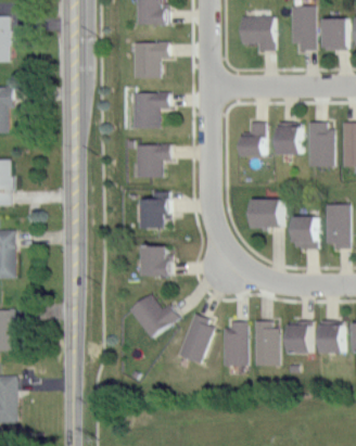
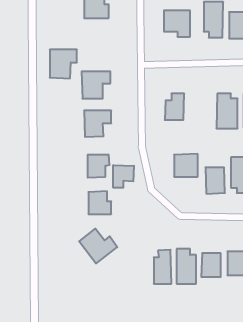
building: [135,42,169,79] -> [50,50,77,78]
building: [277,120,301,155] -> none
building: none -> [113,165,134,188]
building: [178,313,215,365] -> none

